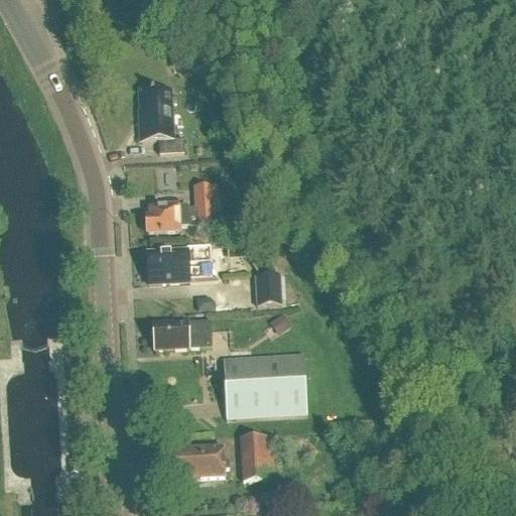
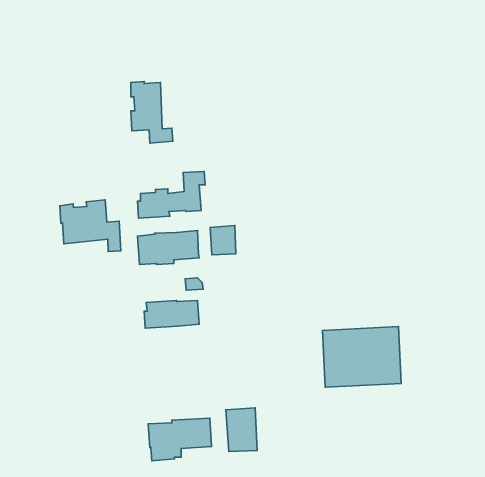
building: none -> [60,200,121,251]
building: [254,273,281,304] -> [210,225,236,255]
building: [223,353,306,417] -> [322,327,401,387]

